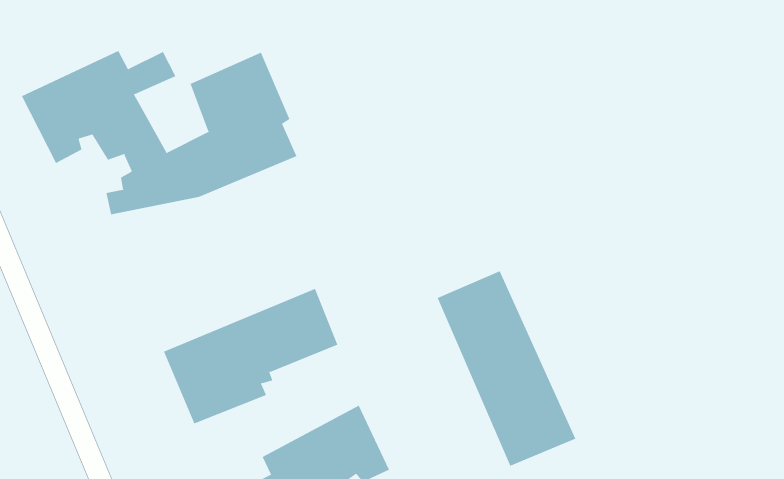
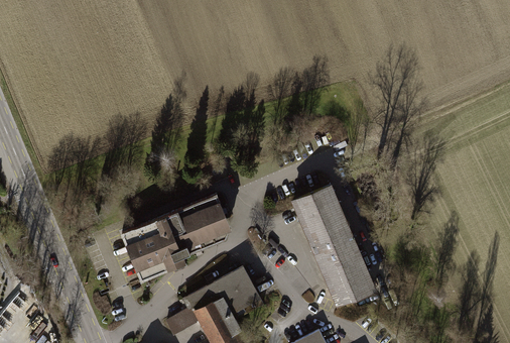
building: [21,50,297,215] -> none

